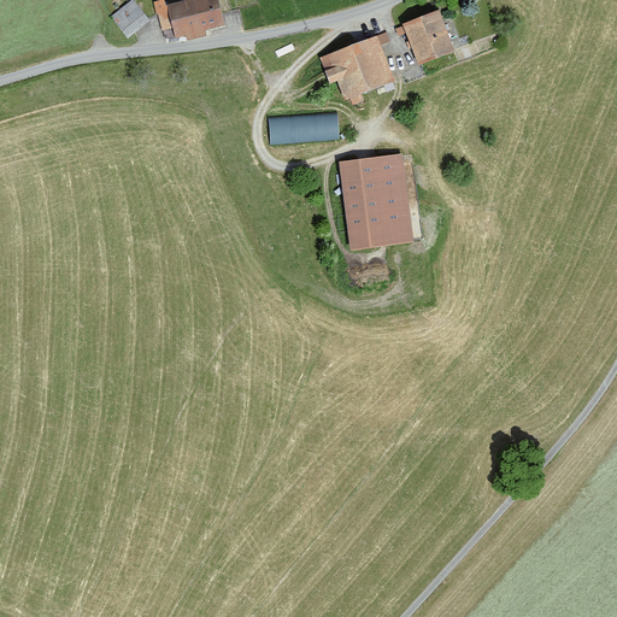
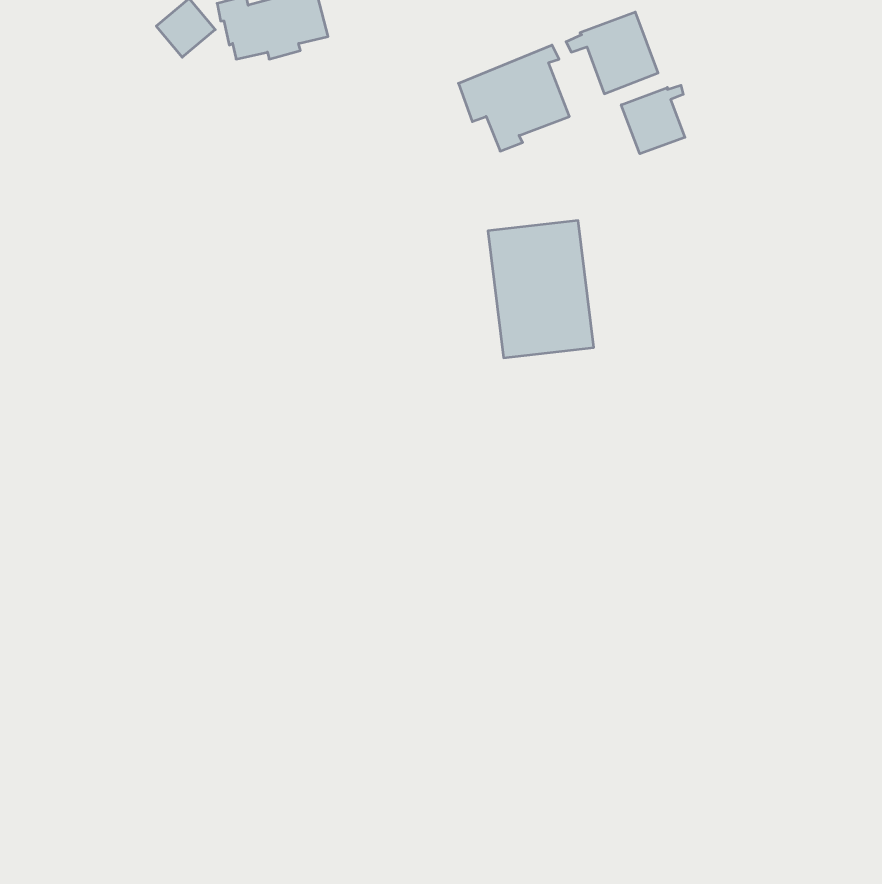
building: none -> [621,85,685,154]
building: [268,112,336,140] -> none

